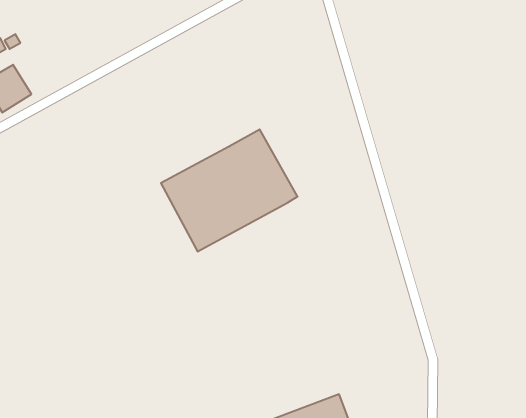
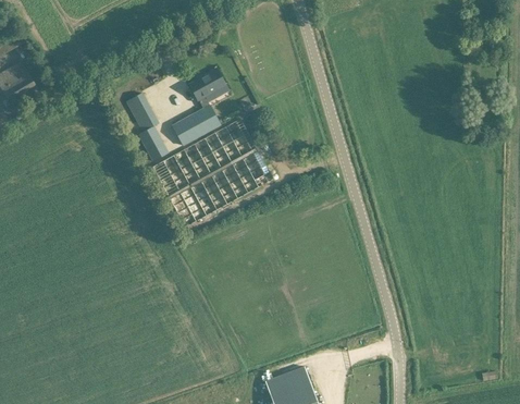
building: none -> [172,69,225,147]
building: none -> [126,94,169,161]

